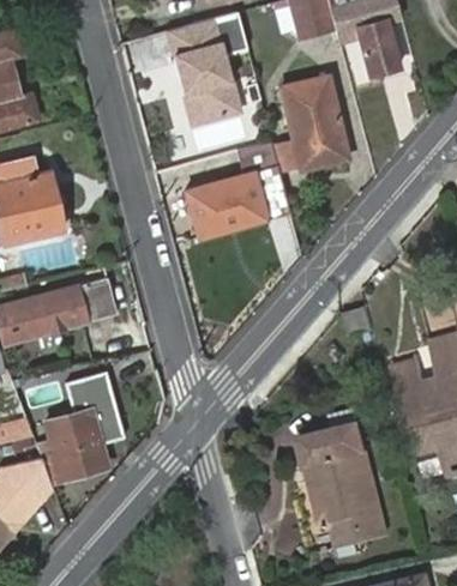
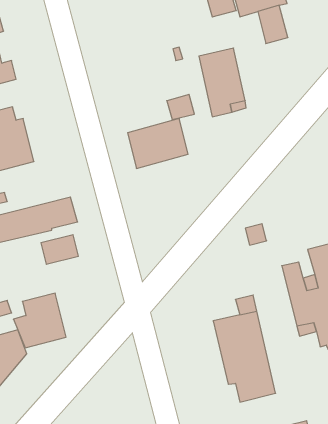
building: [167,19,240,126] -> none
building: [66,371,116,411] -> [41,235,78,264]

